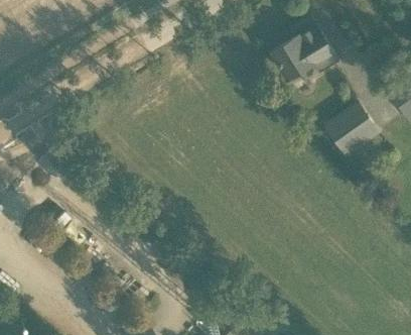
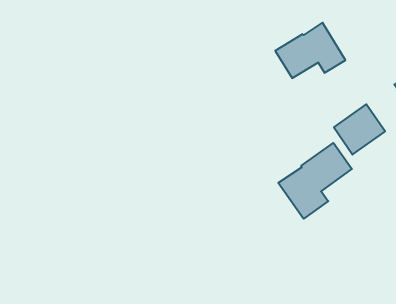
building: none -> [278,143,352,219]

